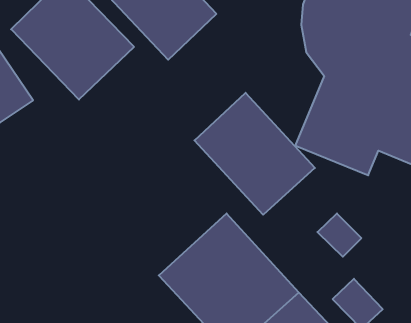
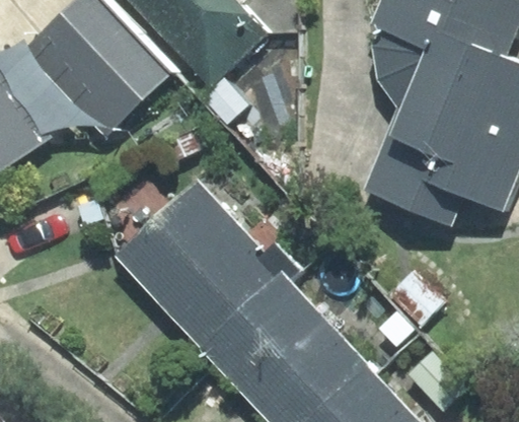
building: [194,93,315,215] -> none
building: none -> [116,181,282,346]

